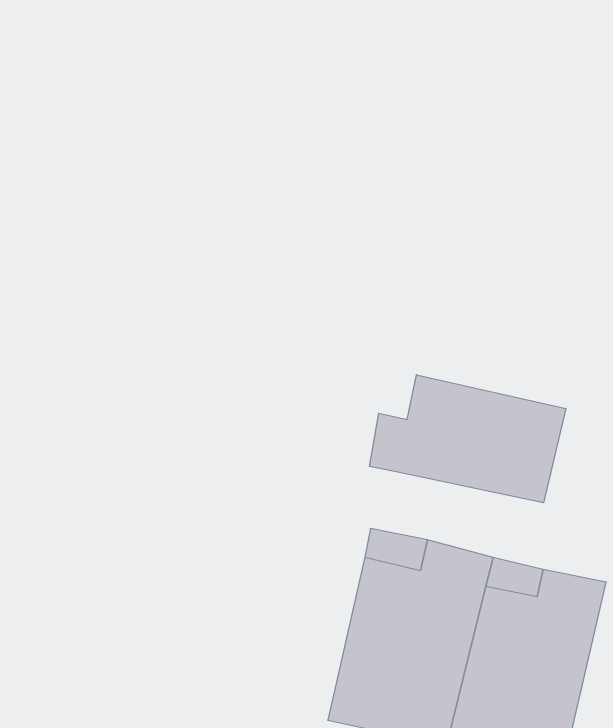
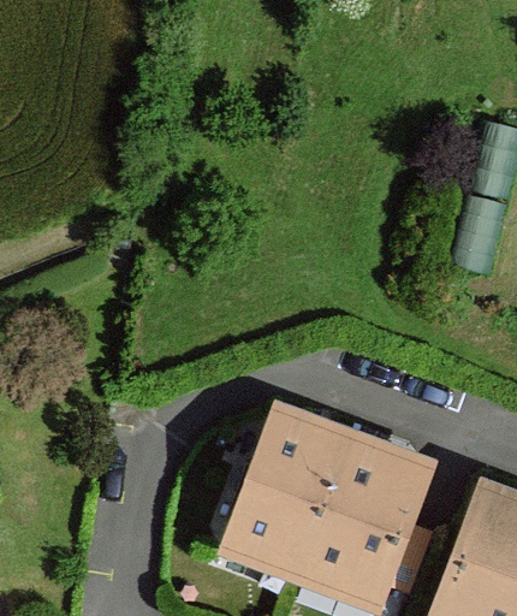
building: [369,375,566,503] -> none

